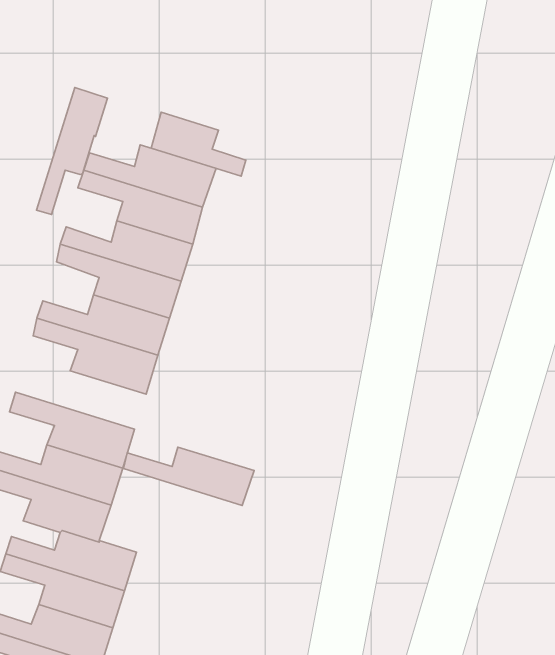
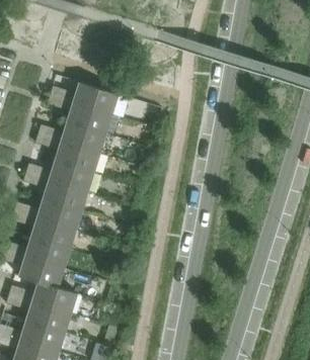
building: [36,88,107,215] -> none
building: [151,112,246,176] -> none
building: [123,447,254,506] -> [14,200,82,231]

